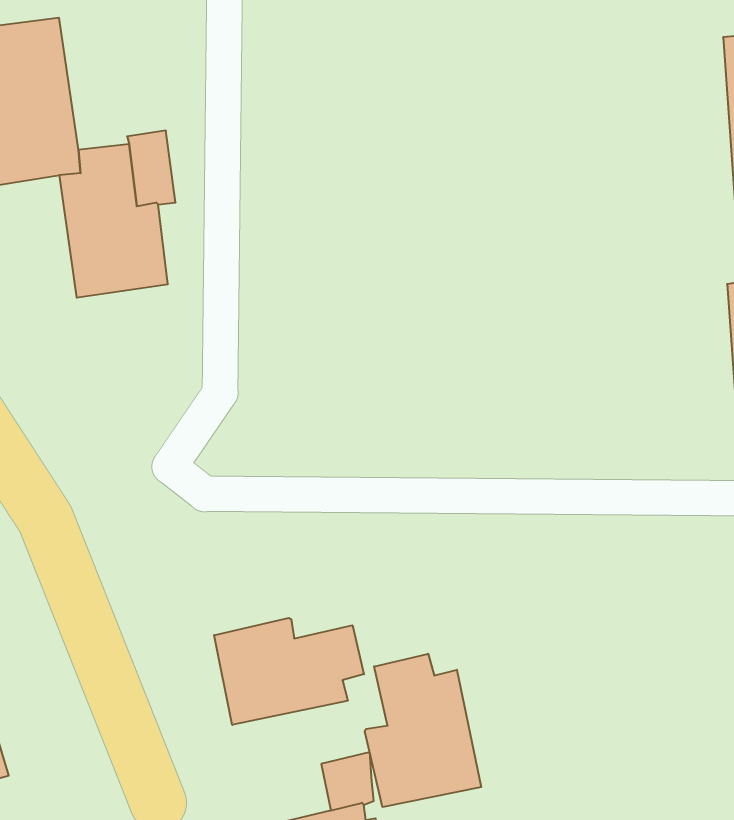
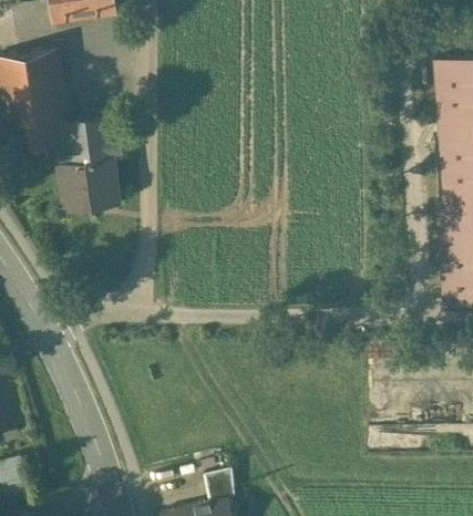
building: [214,618,364,725] -> none
building: [365,654,481,807] -> none

